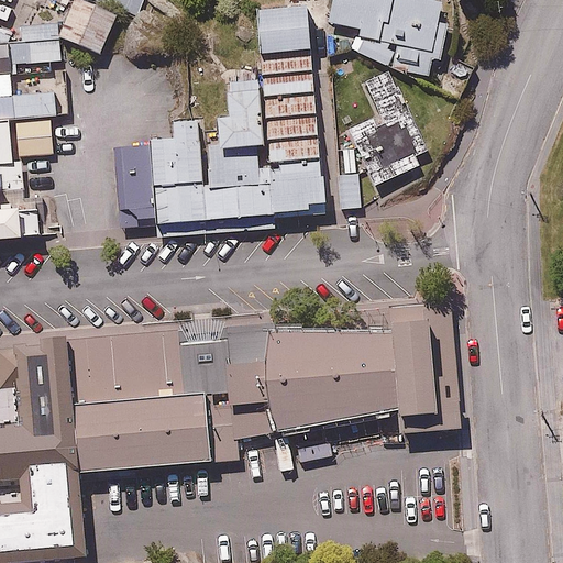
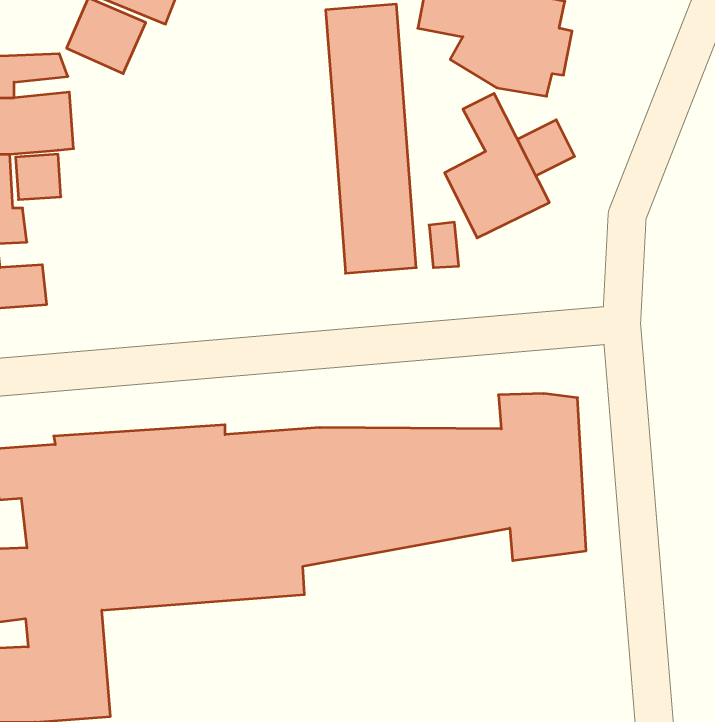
building: [111,80,268,223] -> none
building: none -> [518,120,575,176]

